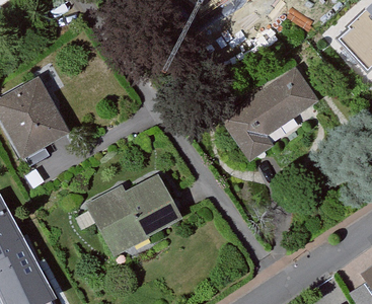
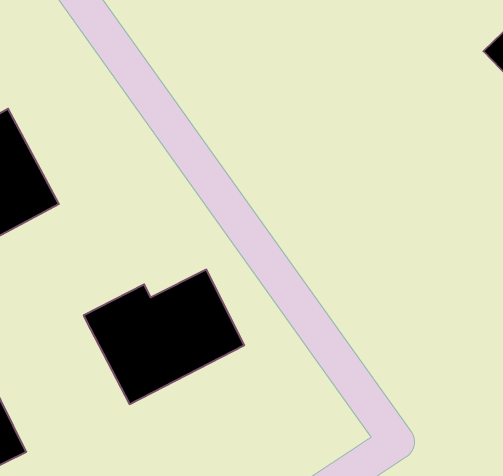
building: [223,66,318,163] -> none

